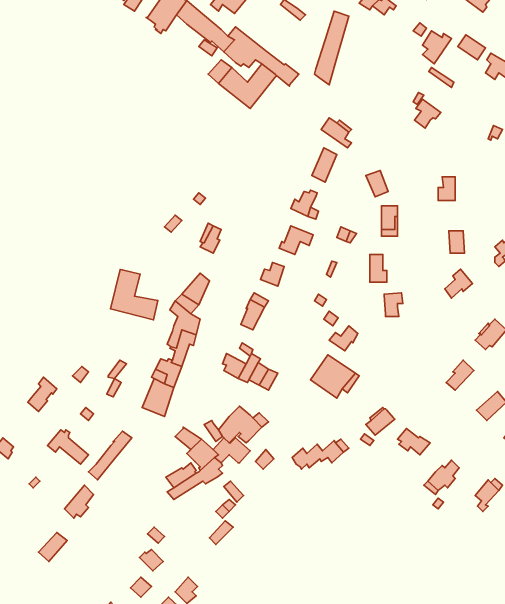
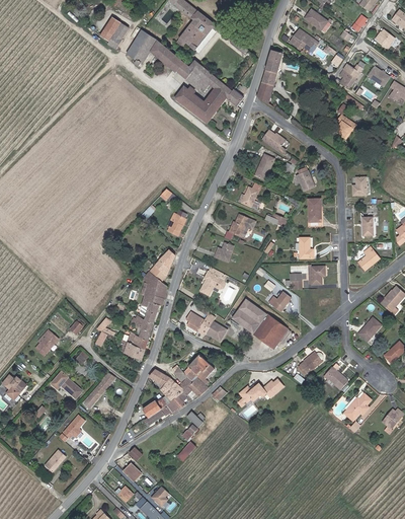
building: [110,269,158,320] -> none
building: none -> [232,298,266,332]

